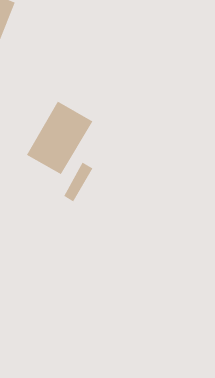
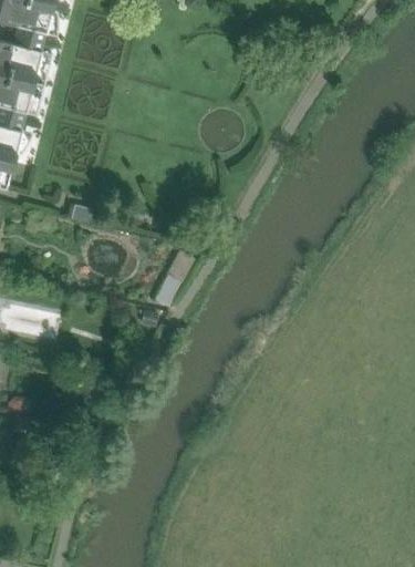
building: [26,100,93,175] -> none

